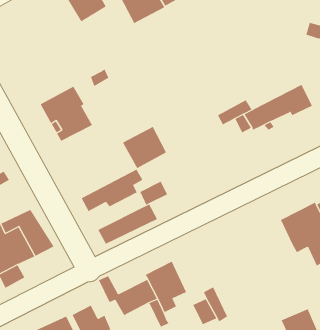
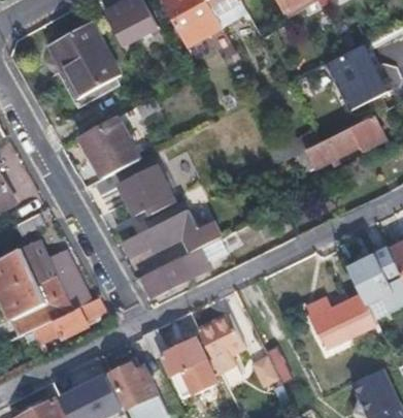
building: none -> [49,23,119,97]
building: none -> [326,46,385,110]
building: [122,126,167,169] -> [121,165,171,214]
building: none -> [305,295,377,350]
building: none -> [54,296,107,336]

